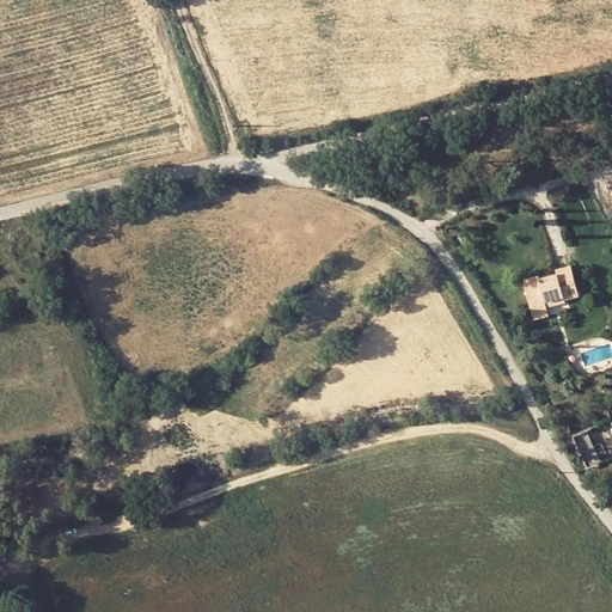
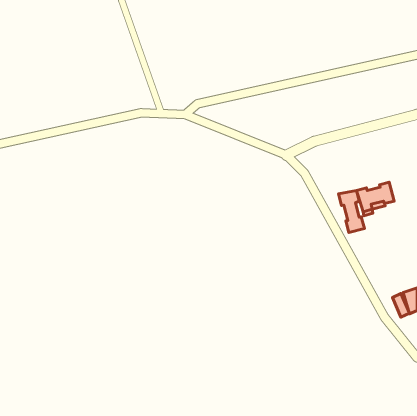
building: none -> [338,190,364,233]

